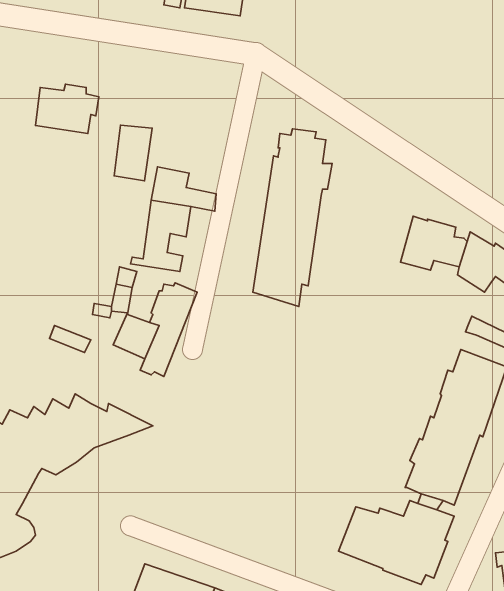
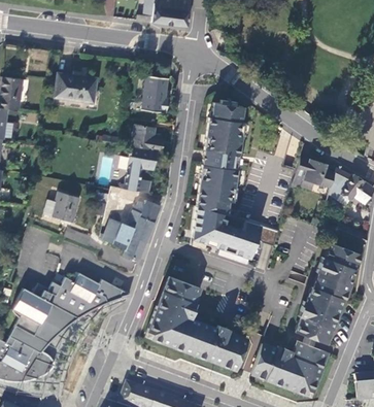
building: [114,125,152,181] -> [142,76,167,112]
building: none -> [52,192,79,222]
building: none -> [184,206,265,264]
building: none -> [148,278,247,370]

